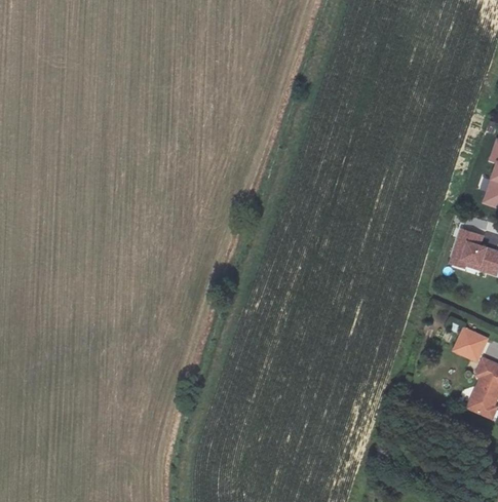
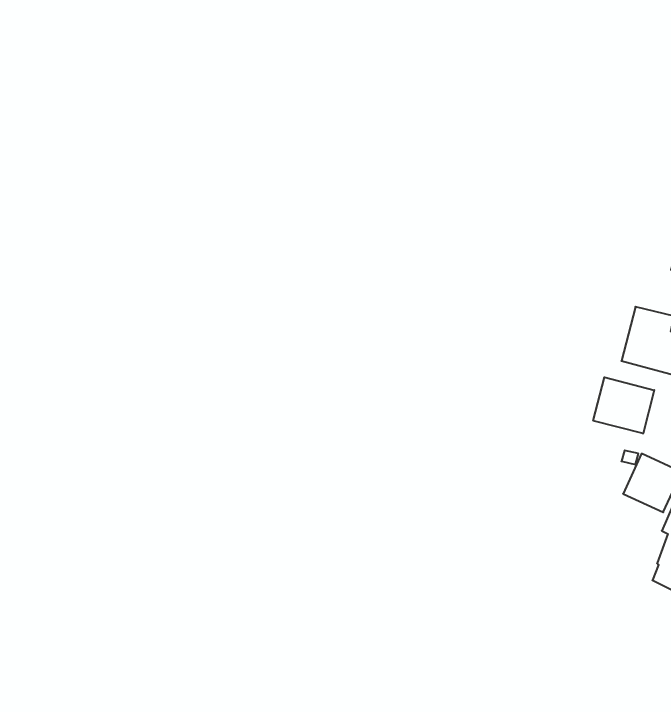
building: none -> [593,377,654,434]

